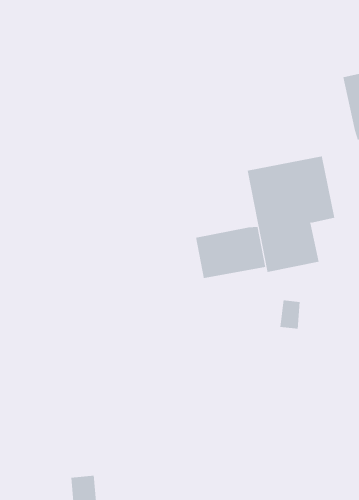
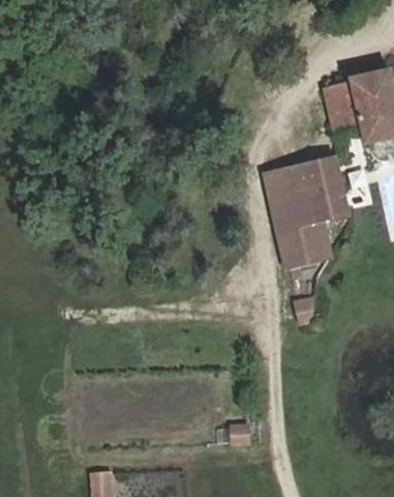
building: none -> [328,78,367,137]
building: [195,226,266,279] -> none

